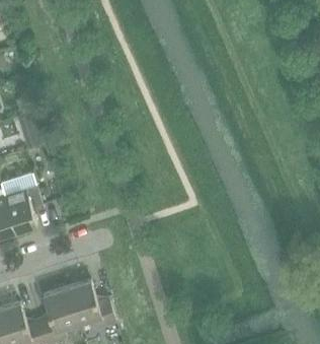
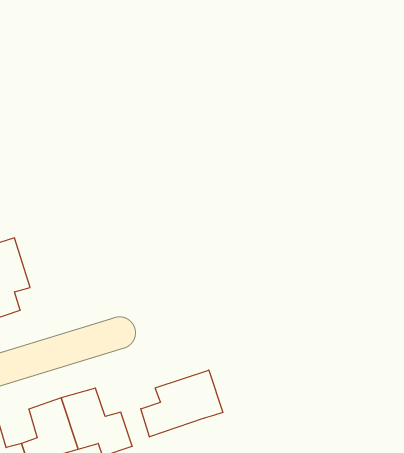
building: none -> [141,370,223,437]

